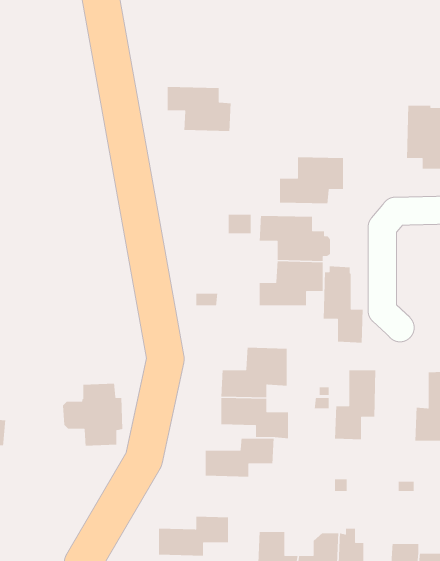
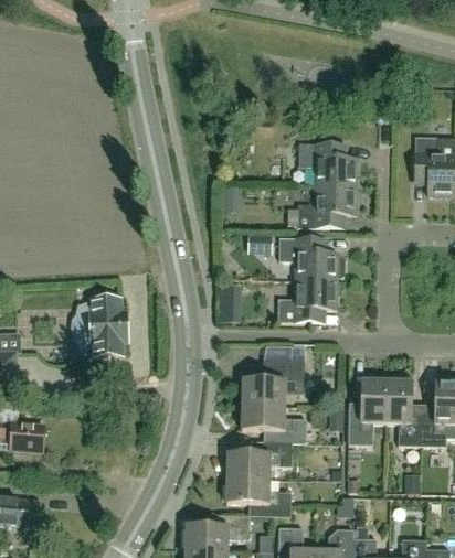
building: [167,86,231,132] -> [297,142,357,184]
building: [323,266,364,343] -> [384,374,422,446]
building: [62,383,123,446] -> [72,298,128,356]
building: none -> [226,477,290,516]

